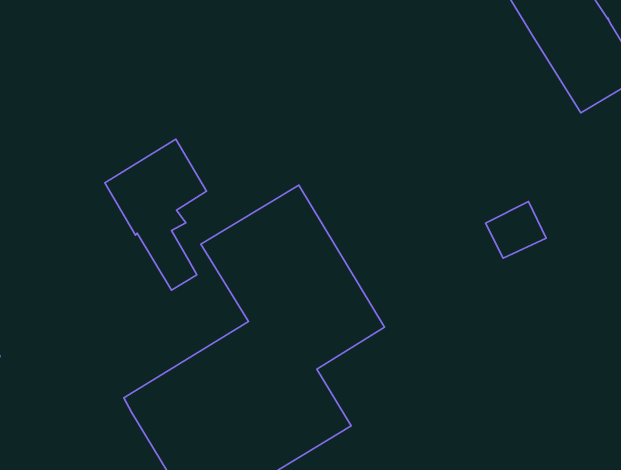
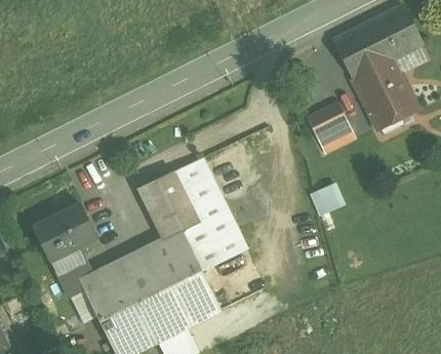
building: none -> [308,101,356,151]
building: [105,139,207,290] -> [33,205,95,299]

